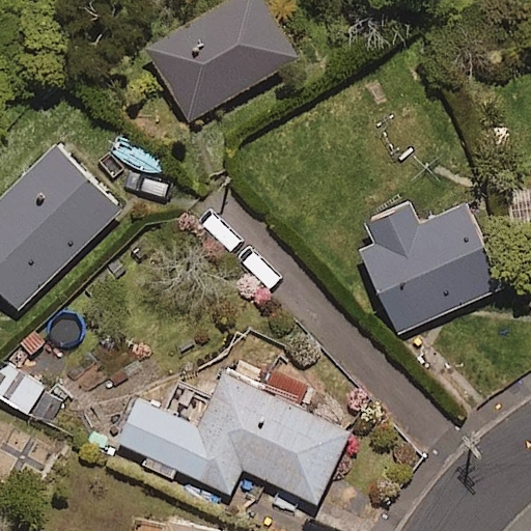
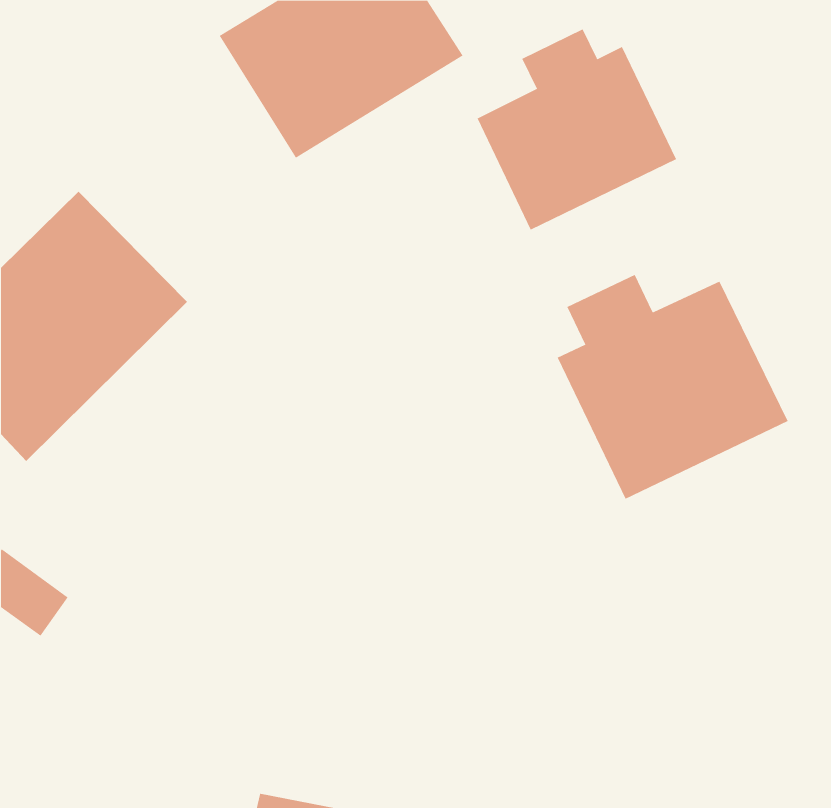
building: none -> [477,29,677,230]
building: [112,366,350,504] -> none

